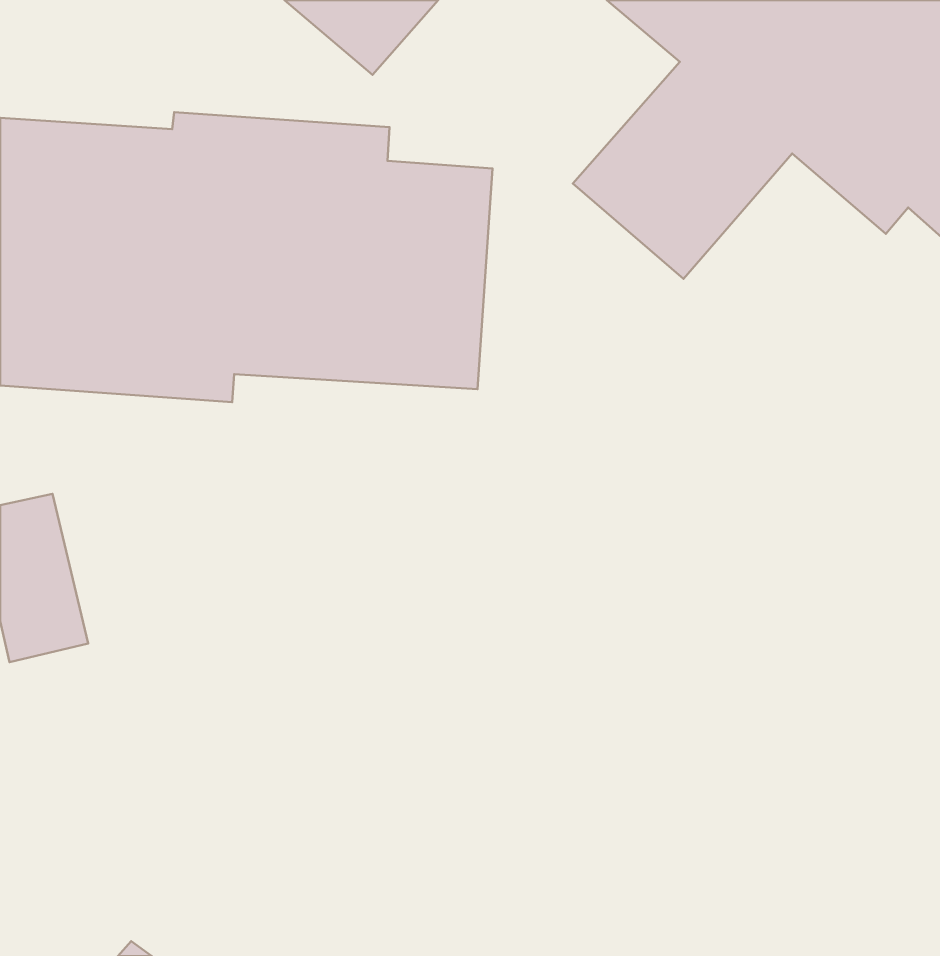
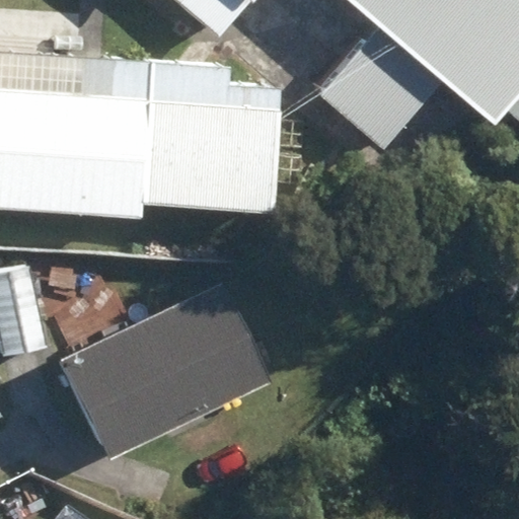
building: none -> [58,267,266,443]

